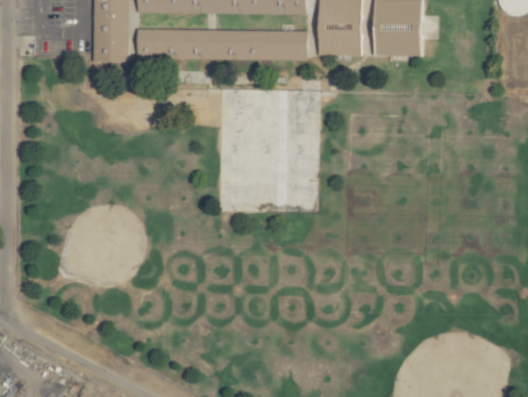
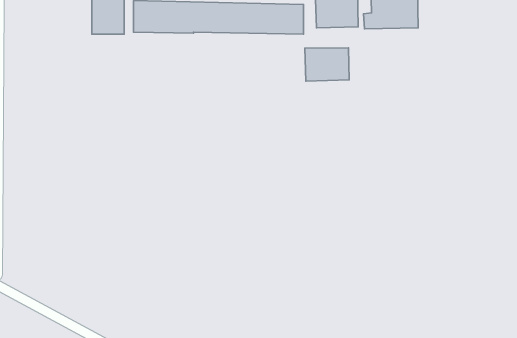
building: none -> [305,48,349,81]

